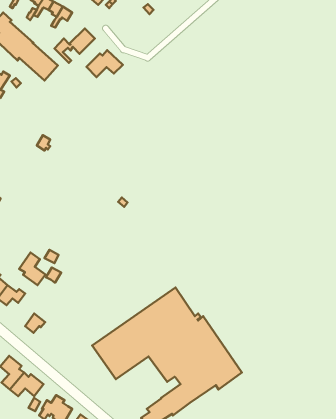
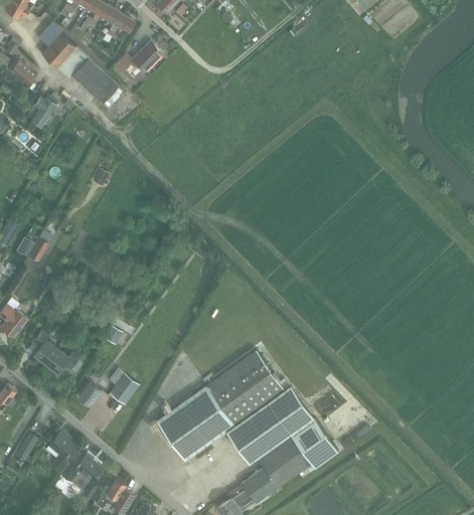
building: [86,50,123,77] -> none
building: [19,252,45,285] -> none
building: none -> [109,373,138,403]

